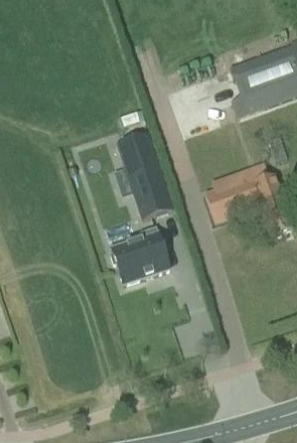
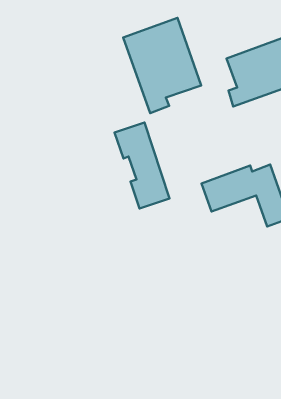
building: none -> [123,18,201,113]
building: [111,227,170,284] -> none

